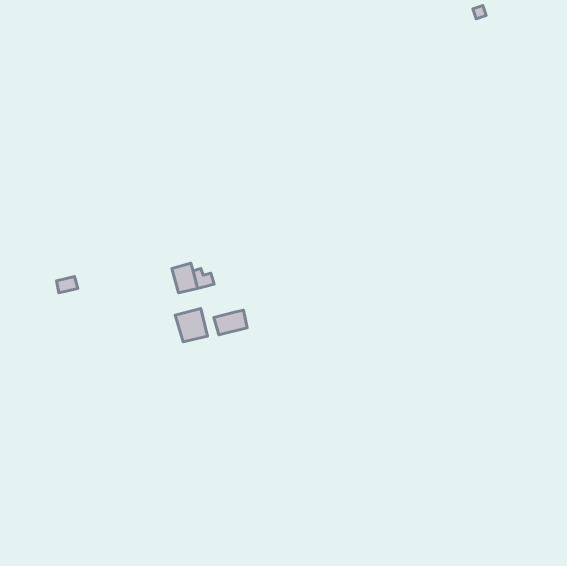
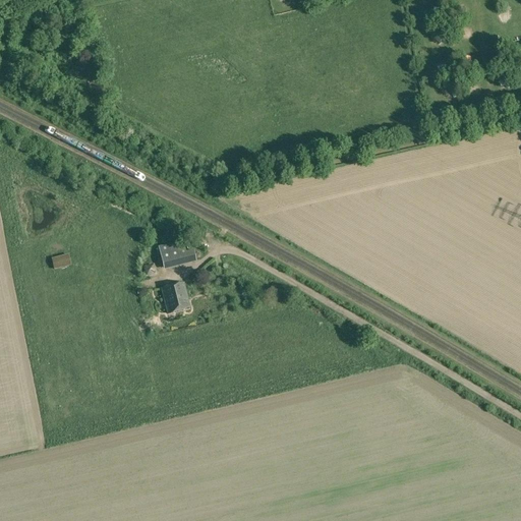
building: [214,310,247,335] -> none

